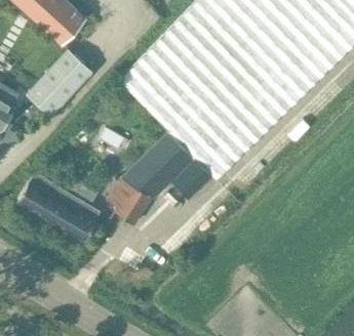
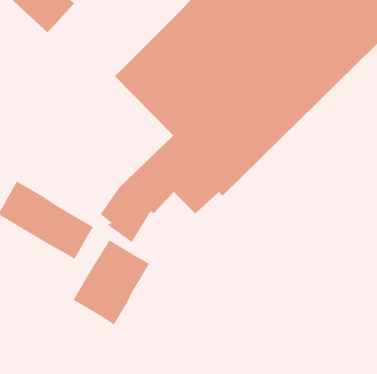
building: [26,46,93,116] -> none
building: none -> [73,239,150,325]

